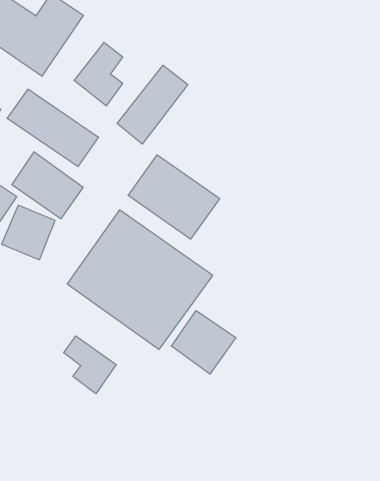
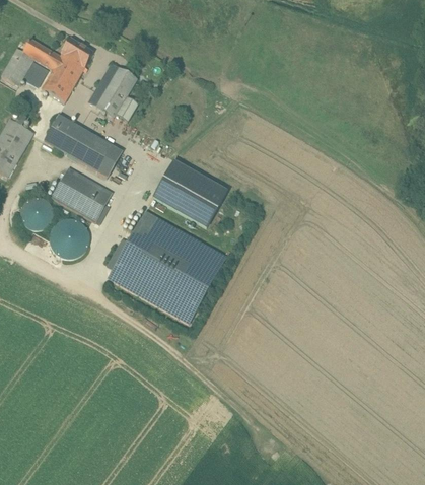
building: [117,65,188,144] -> none
building: [171,311,236,374] -> none
building: [64,336,116,394] -> none

